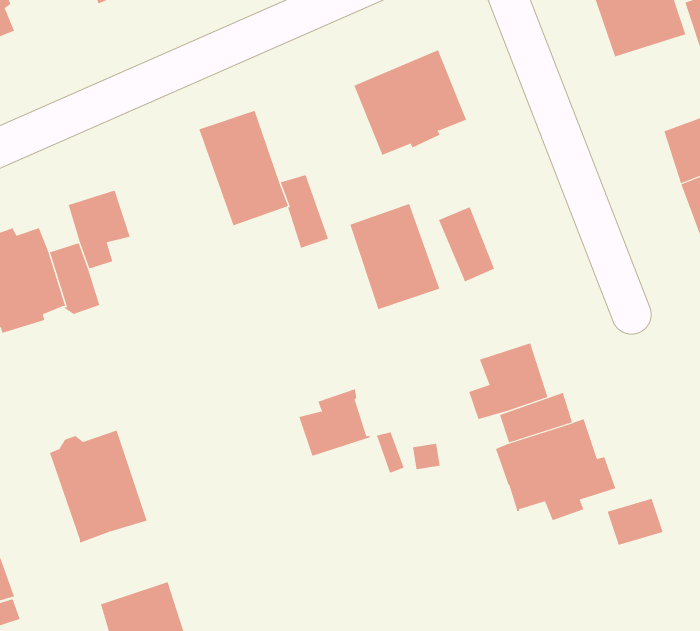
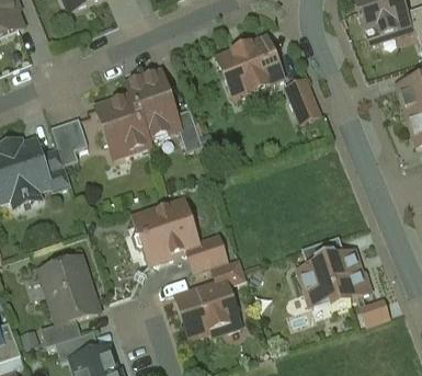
building: [349,183,440,310] -> [95,81,148,155]
building: [438,206,495,282] -> [285,77,318,121]
building: none -> [134,200,197,260]
building: [469,343,548,420] -> none
building: none -> [175,280,239,332]
building: none -> [39,315,80,342]

